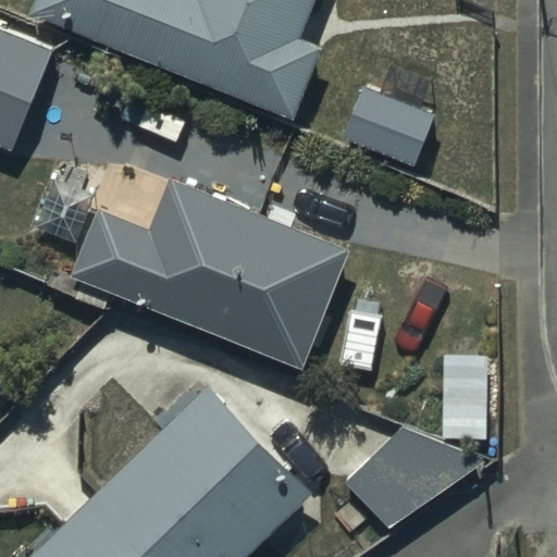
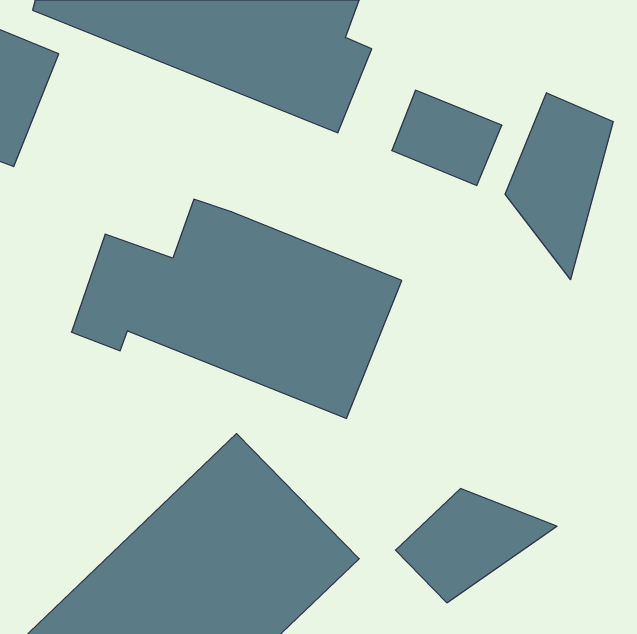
building: none -> [505,93,613,280]

